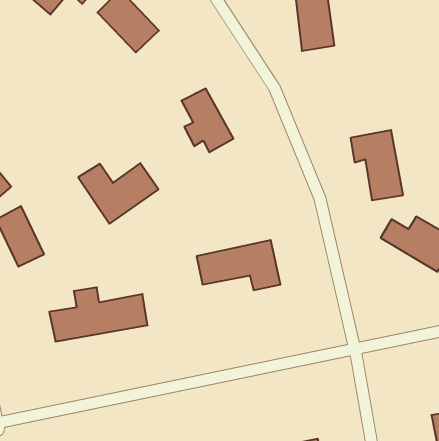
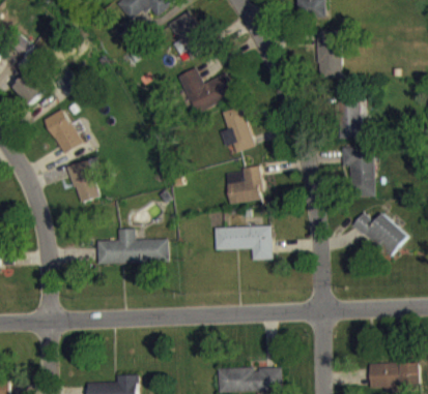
building: none -> [336,96,367,138]
building: [78,163,158,224] -> [178,68,236,114]
building: none -> [225,168,263,204]

